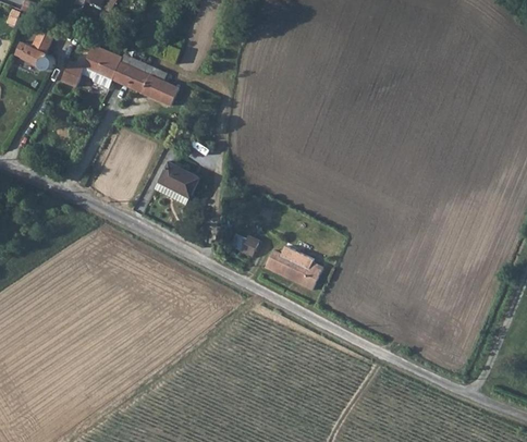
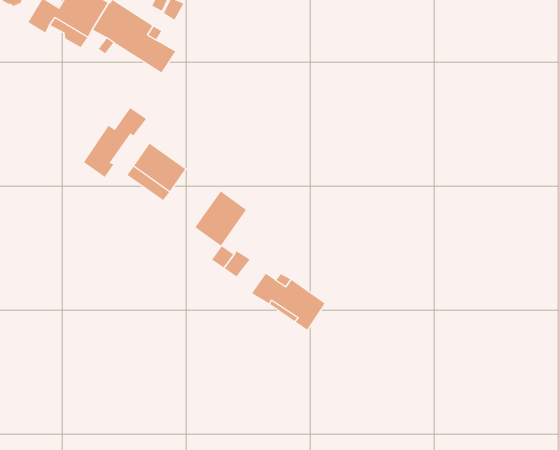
building: none -> [83,107,147,178]
building: none -> [194,191,247,247]

